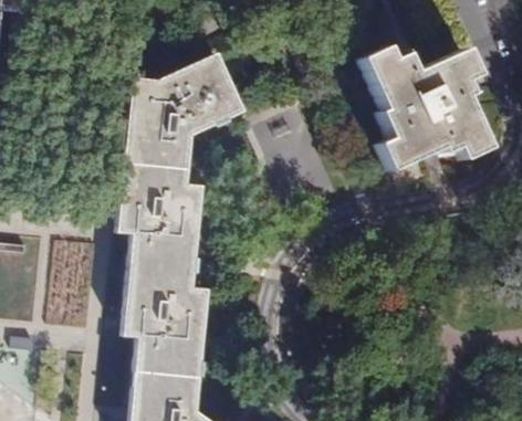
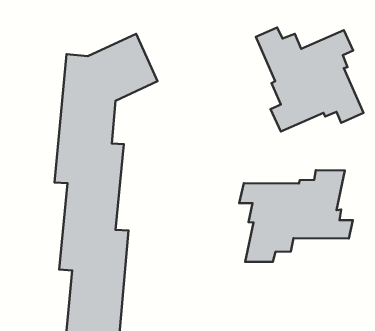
building: none -> [239,170,353,262]

